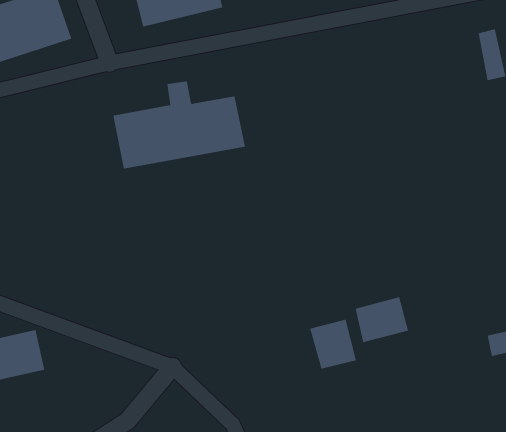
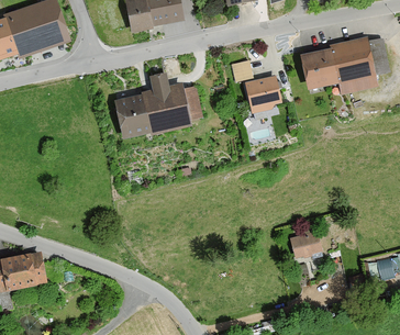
building: none -> [291,36,376,92]
building: none -> [229,60,276,109]
building: [309,319,356,369] -> none

